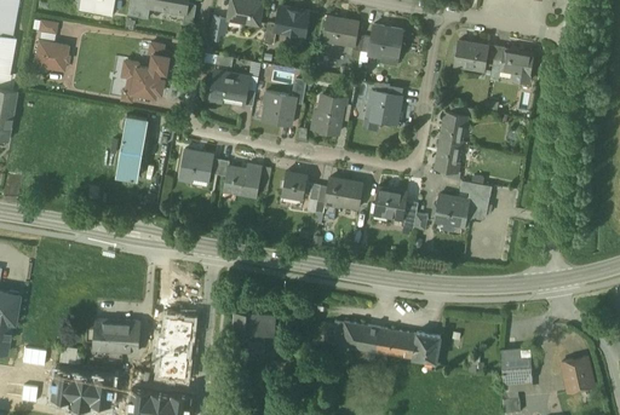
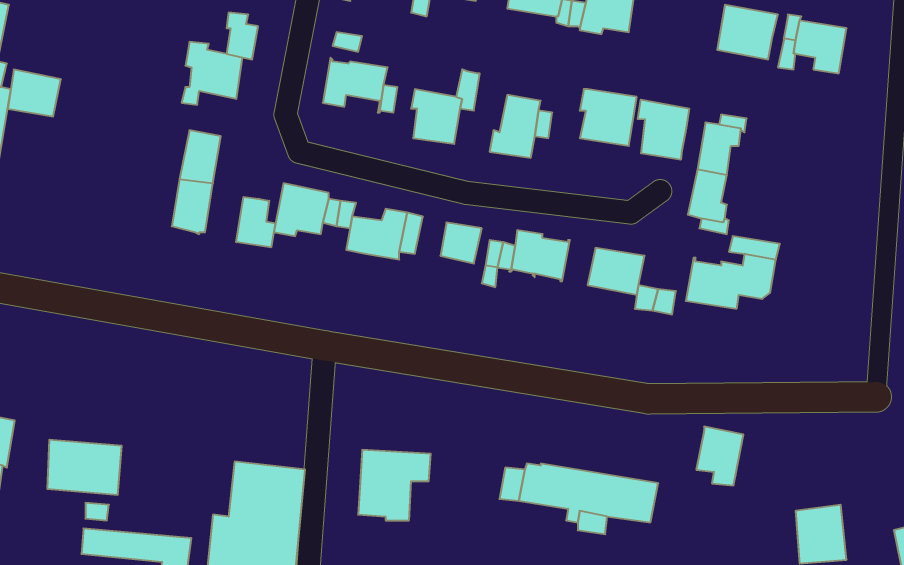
building: [35,41,68,70] -> [8,70,61,117]
building: none -> [638,100,689,160]
building: none -> [236,197,275,247]
building: [94,319,140,353] -> [47,440,122,495]
building: [412,332,441,368] -> [696,427,743,485]

